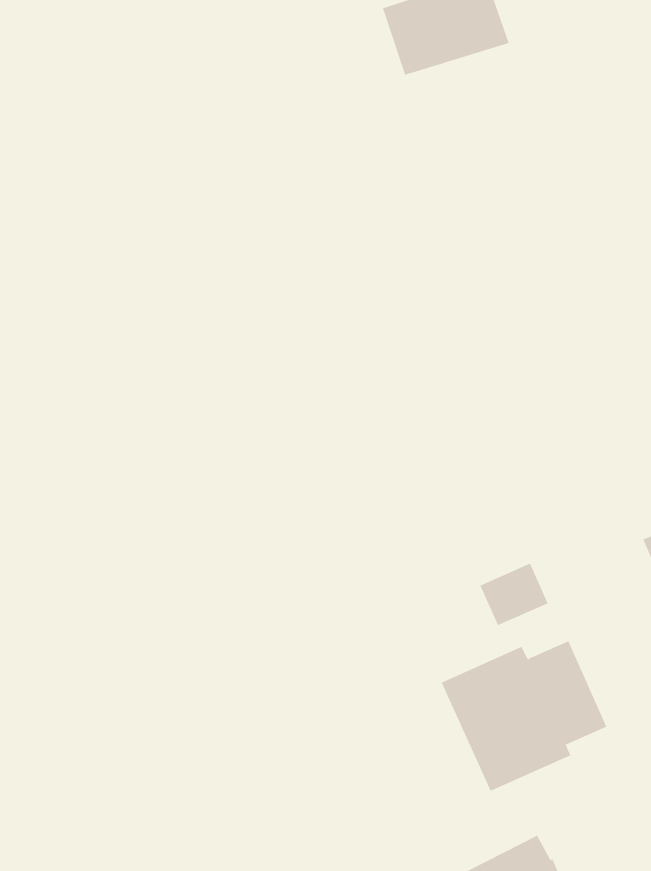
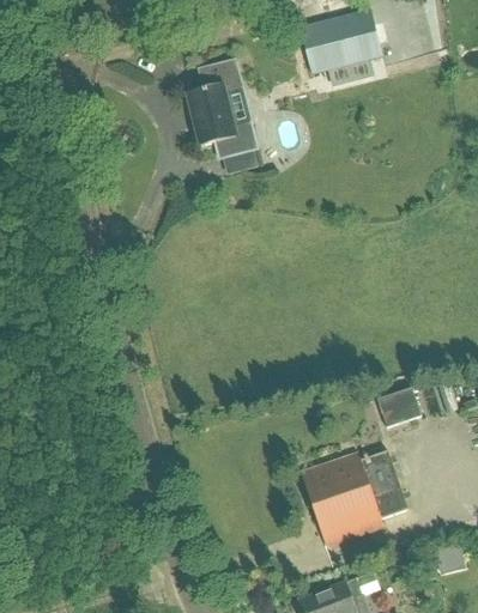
building: none -> [187,60,256,159]
building: [479,563,549,626] -> [377,387,422,426]

